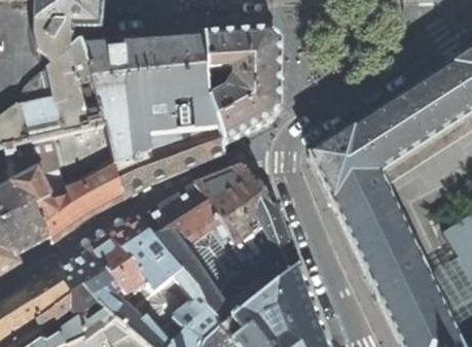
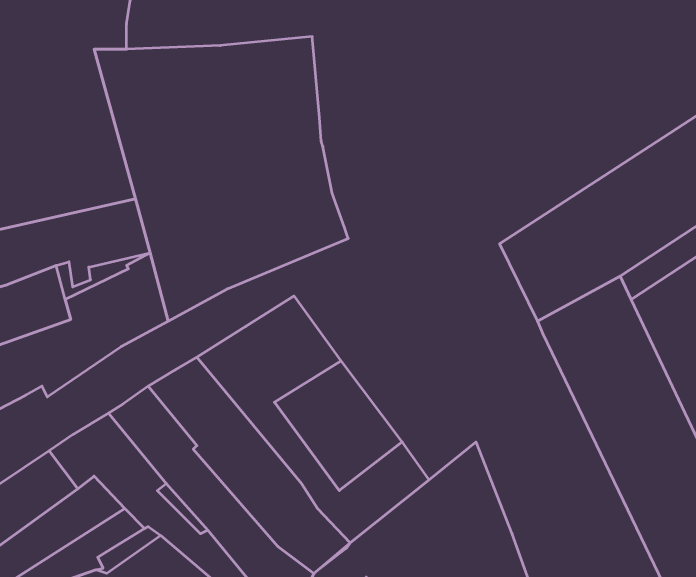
building: [207,29,282,142] -> none
building: [196,163,300,286] -> none

